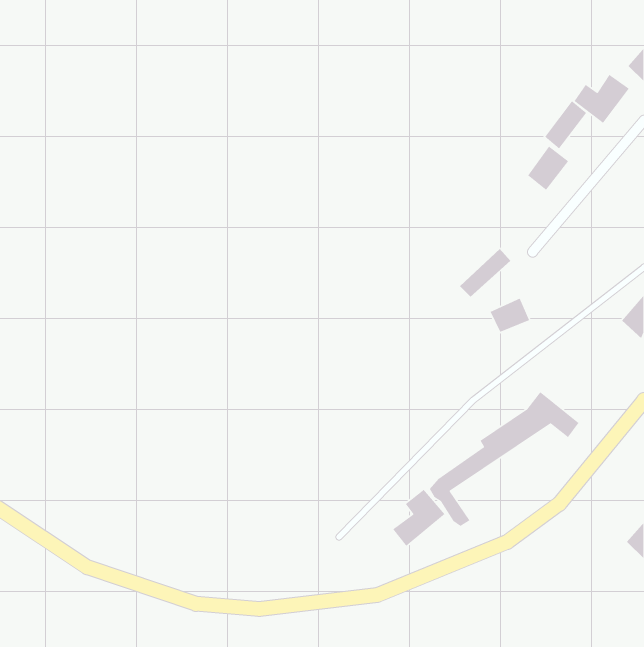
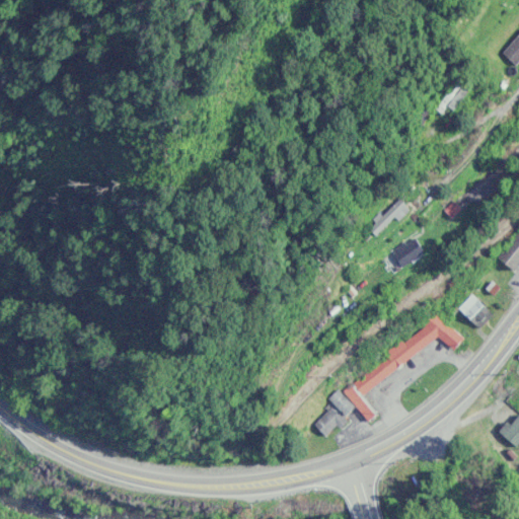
building: [573,74,630,124] -> none
building: [527,146,569,191] -> none
building: none -> [458,295,494,329]

